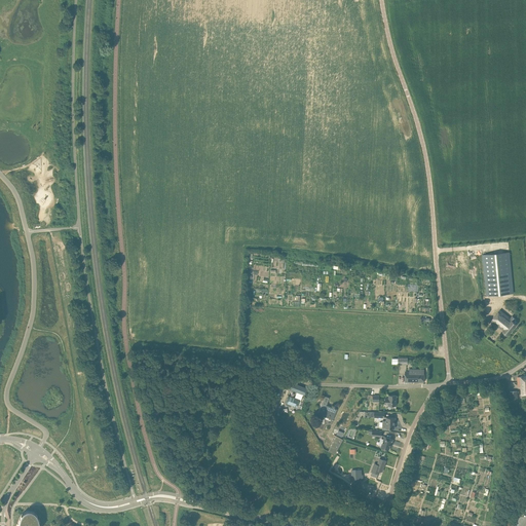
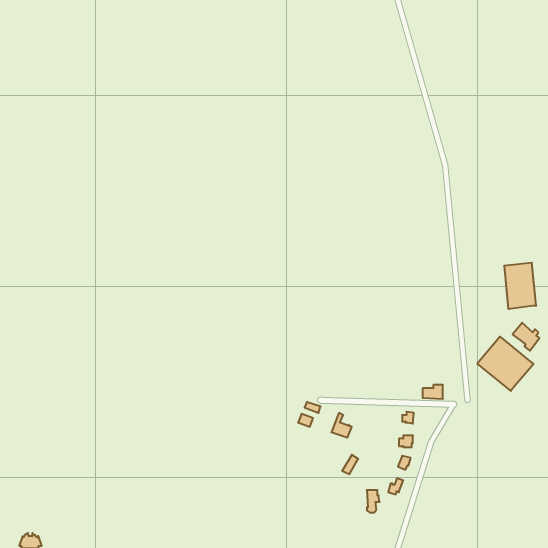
building: none -> [477,337,533,391]

